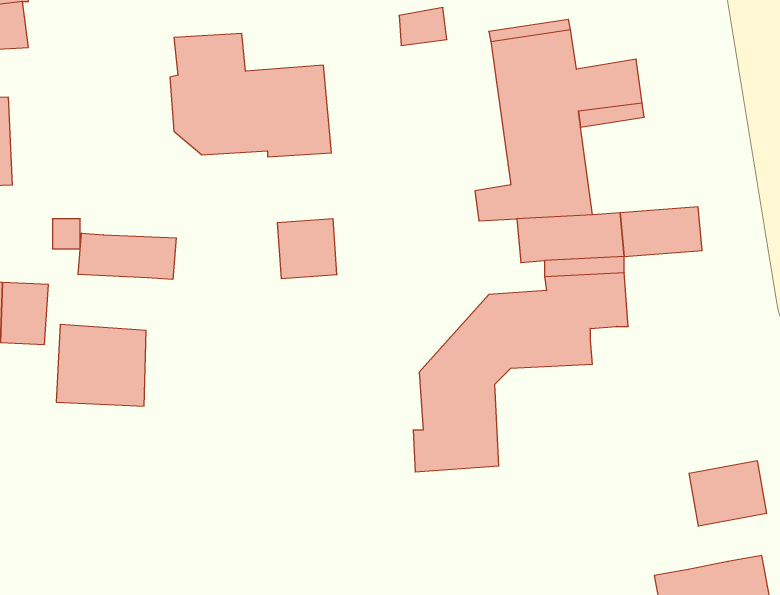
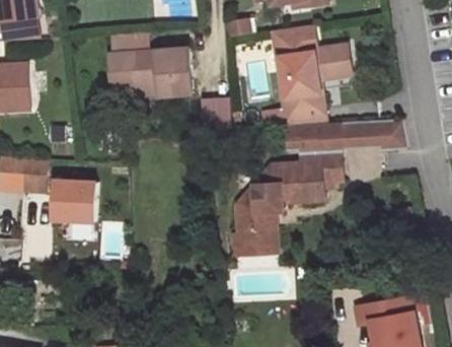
building: none -> [378,119,409,150]
building: [277,219,337,279] -> [202,96,232,127]
building: [78,233,176,279] -> none
building: [689,461,766,526] -> none

